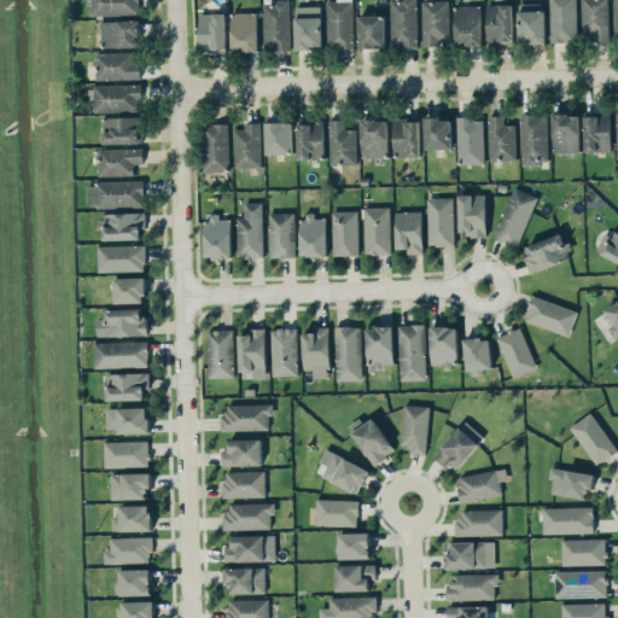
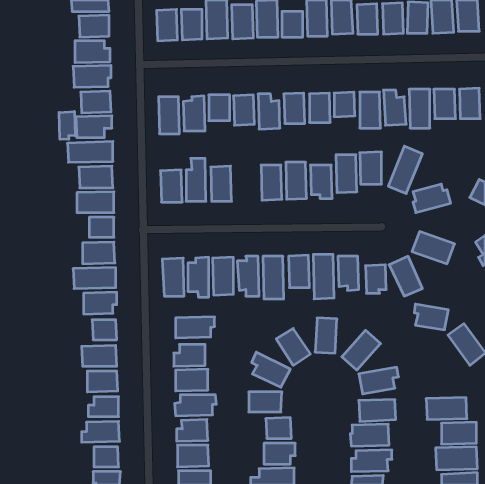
building: none -> [59,111,75,139]
building: [301,214,327,257] -> none
building: [549,467,593,500] -> [414,304,448,330]

